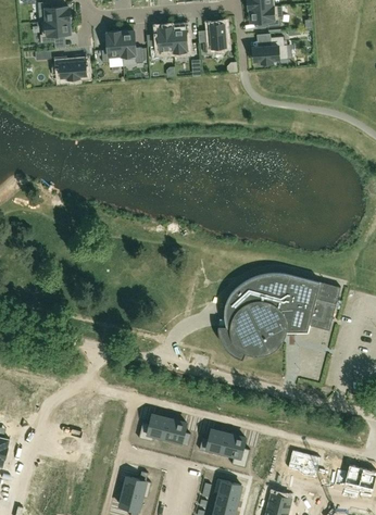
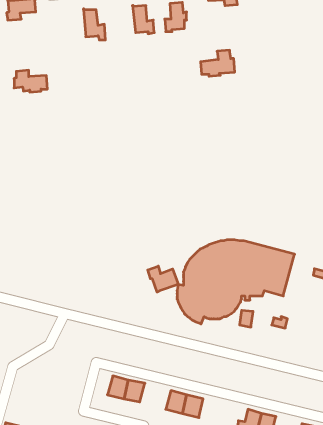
building: [154,28,175,60] -> none
building: [102,32,123,64] -> none
building: [253,37,289,64] -> [201,50,235,76]
building: [52,56,87,79] -> [14,70,47,92]
building: none -> [148,266,178,292]

